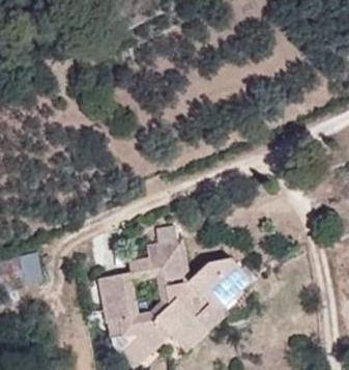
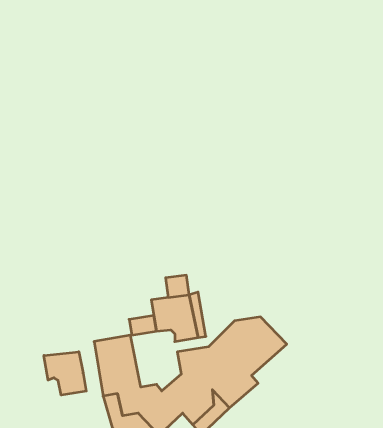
building: none -> [44,352,86,395]

